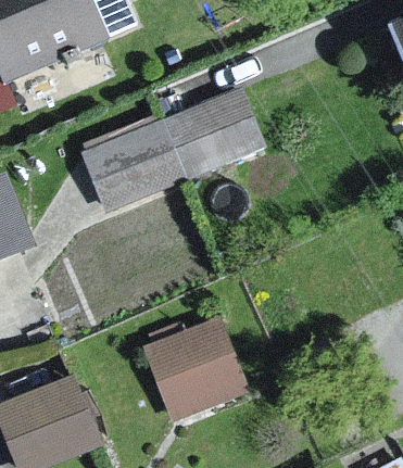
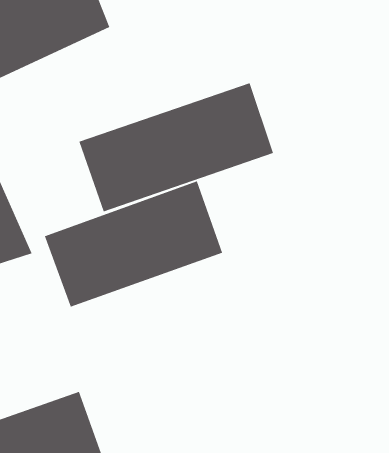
building: none -> [44,181,223,308]
building: [139,319,253,422] -> none

